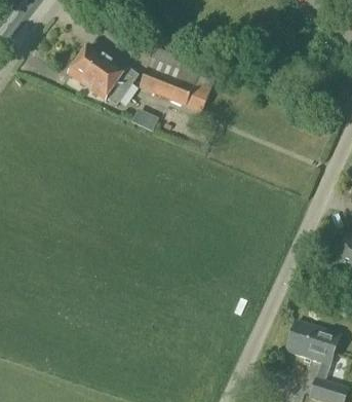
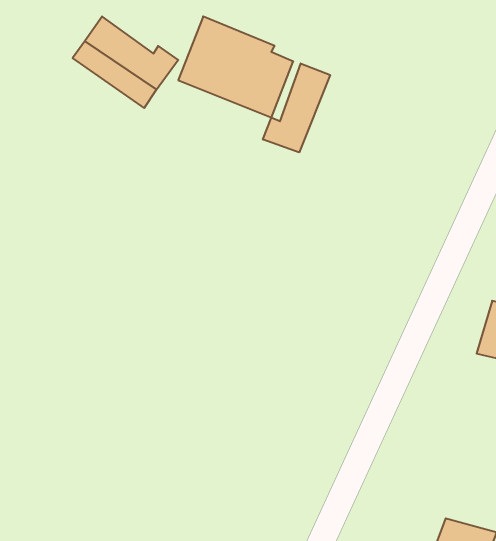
building: none -> [263,63,330,152]
building: [285,318,340,364] -> none

